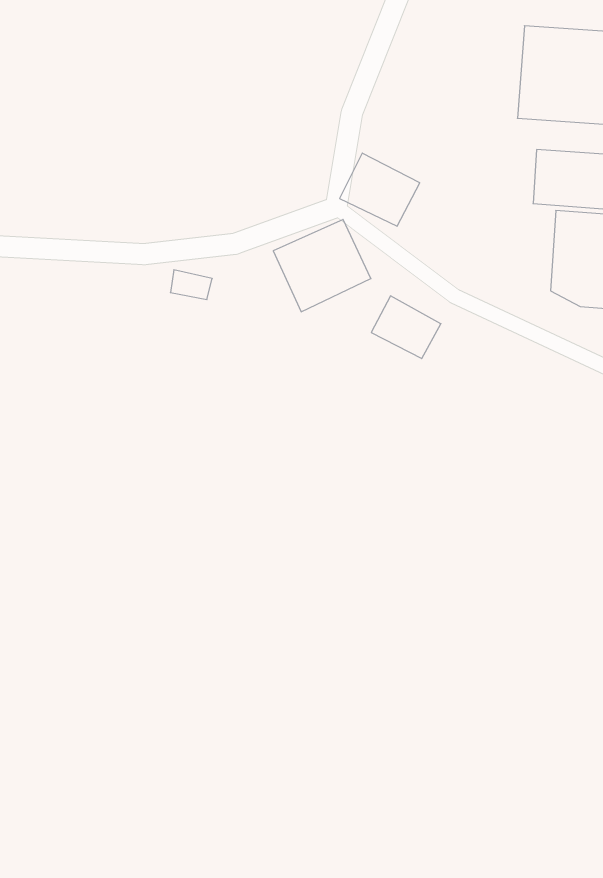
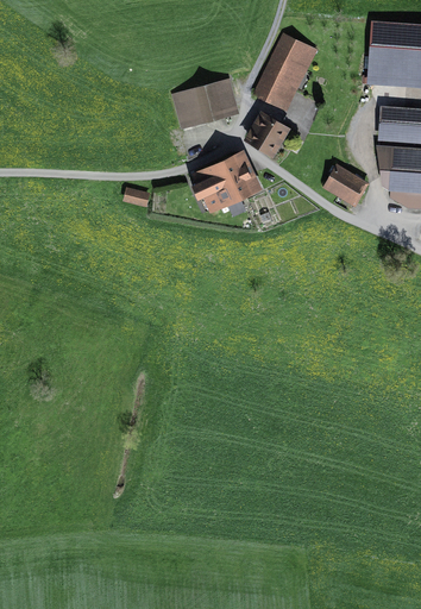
building: none -> [252,31,318,109]
building: none -> [172,77,240,128]
building: [371,296,441,359] -> [322,163,370,206]

